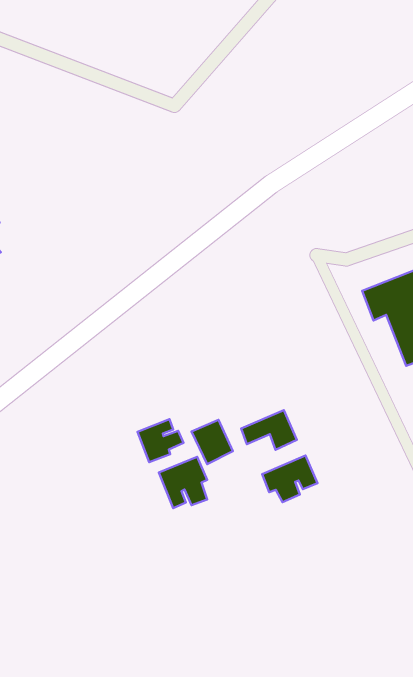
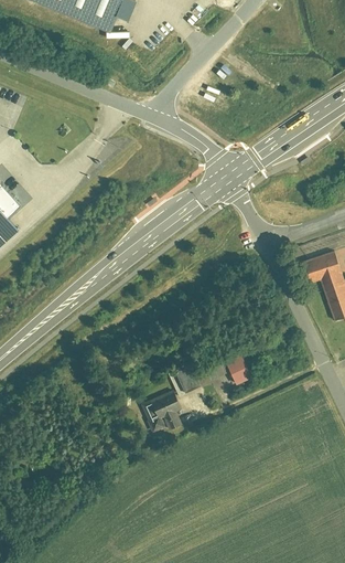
building: [137,419,183,462] -> none
building: [262,456,317,502] -> none

